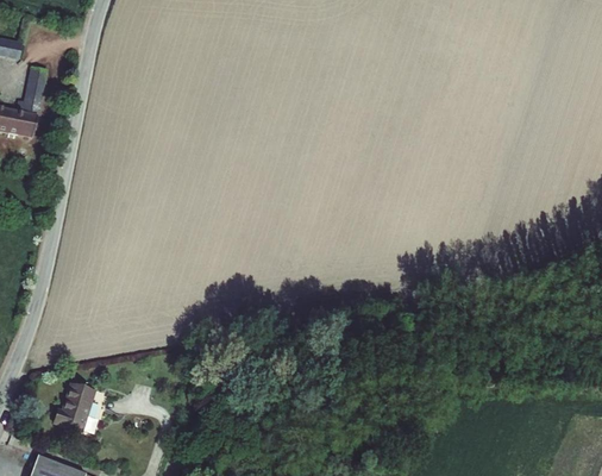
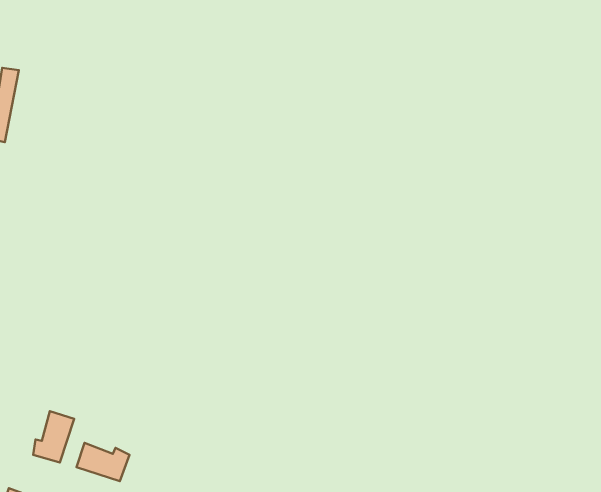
building: none -> [77,443,129,481]

